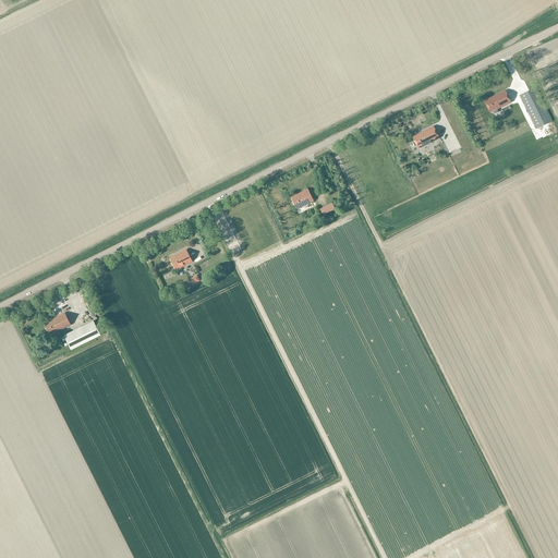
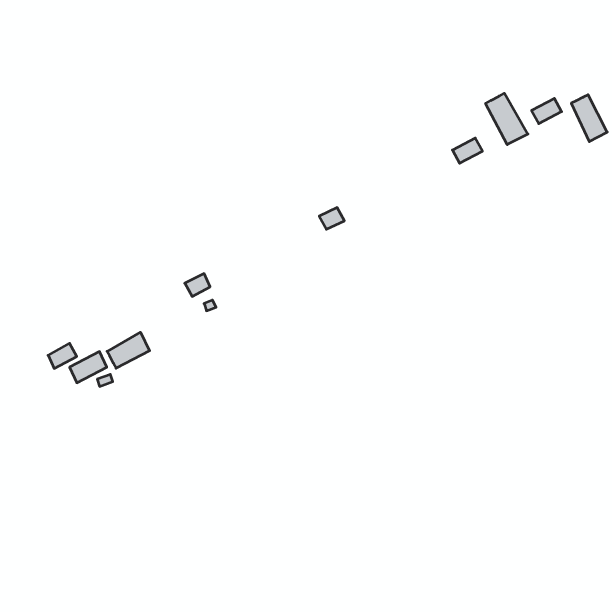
building: none -> [486,93,528,145]
building: none -> [107,332,150,368]

